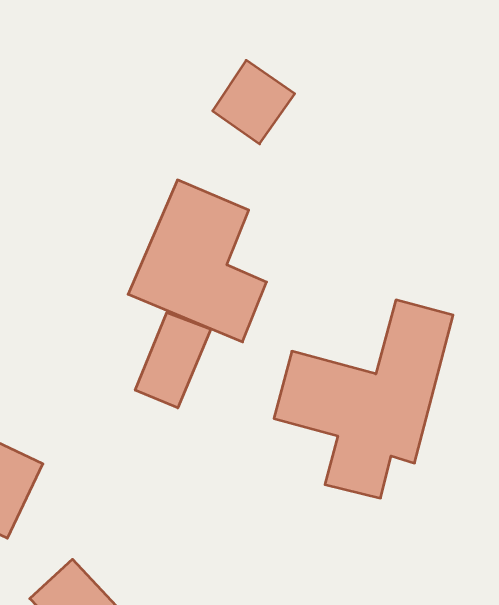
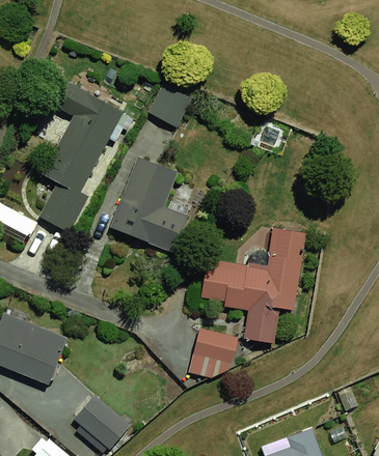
building: none -> [39,82,123,230]
building: [135,312,211,408] -> none
building: none -> [190,330,240,380]

